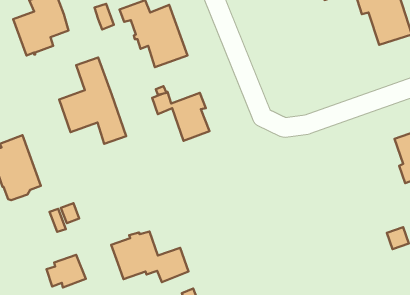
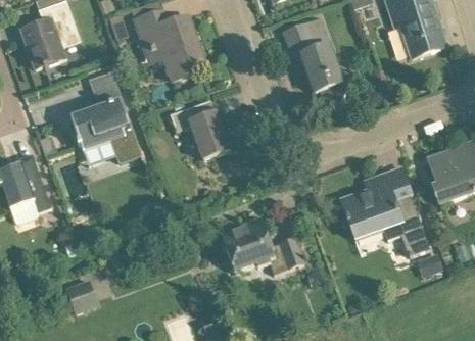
building: none -> [283,17,352,103]
building: none -> [340,165,424,239]
building: [111,231,189,282] -> [220,218,302,273]

